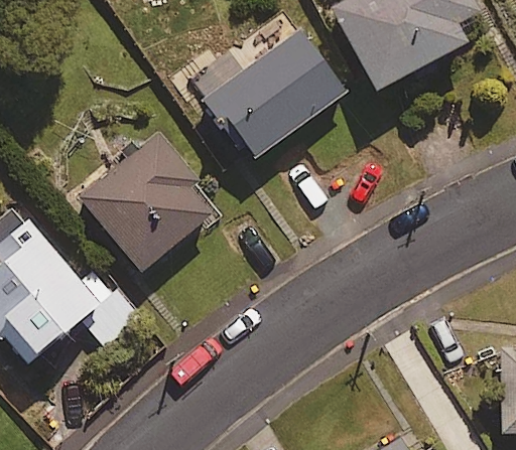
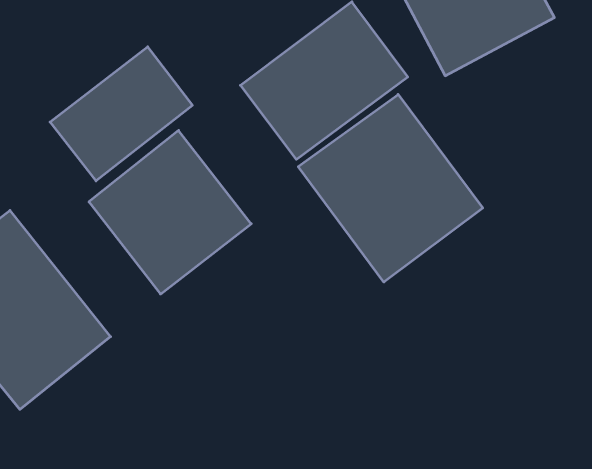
building: none -> [50,47,192,181]
building: none -> [298,94,483,282]

